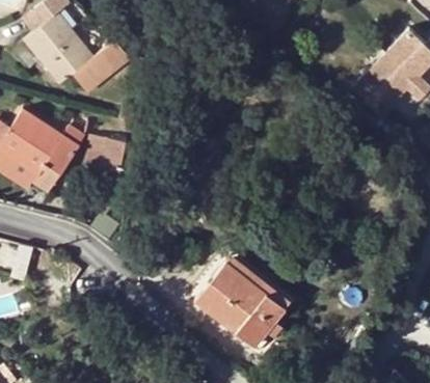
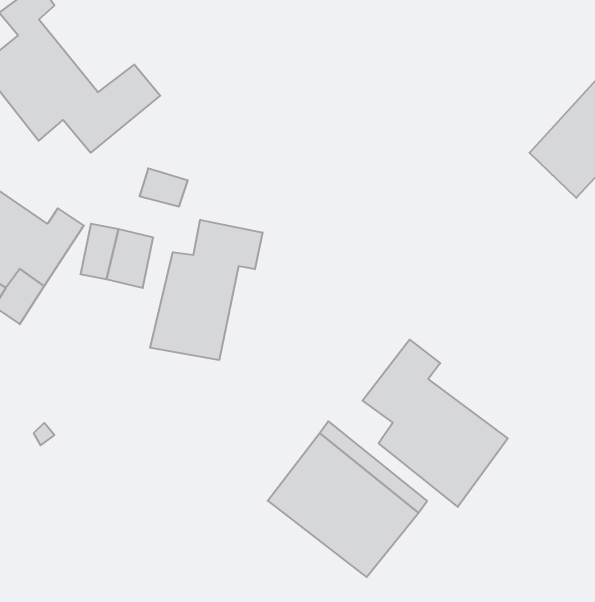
building: none -> [150,220,263,360]
building: none -> [363,340,508,507]

